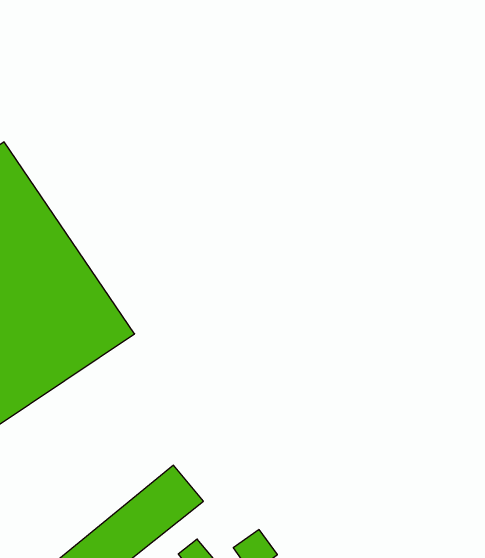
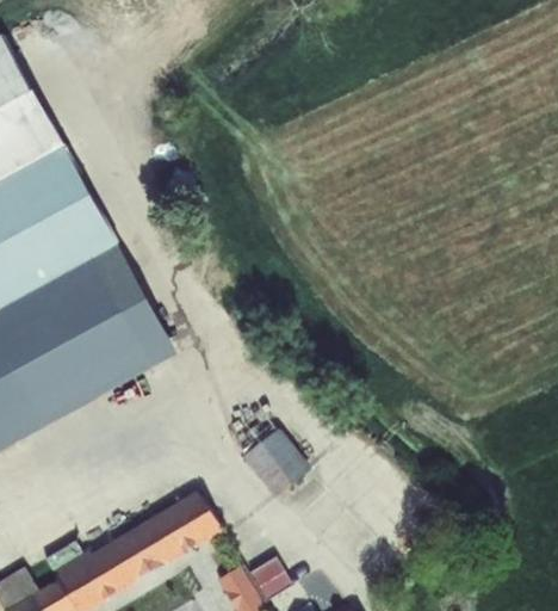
building: none -> [244,428,316,500]

